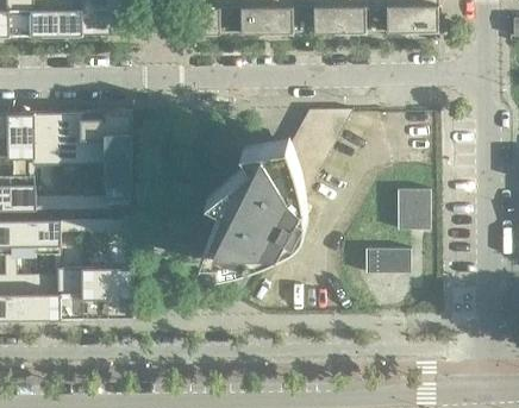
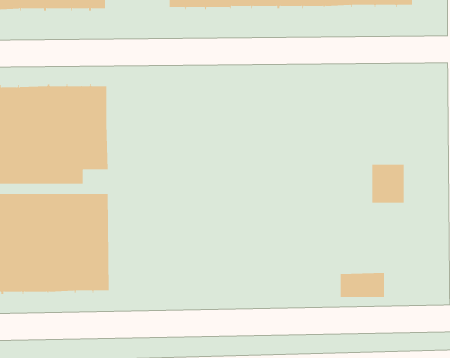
building: [208,108,352,266] -> none
building: [365,247,411,272] -> [340,273,385,298]

